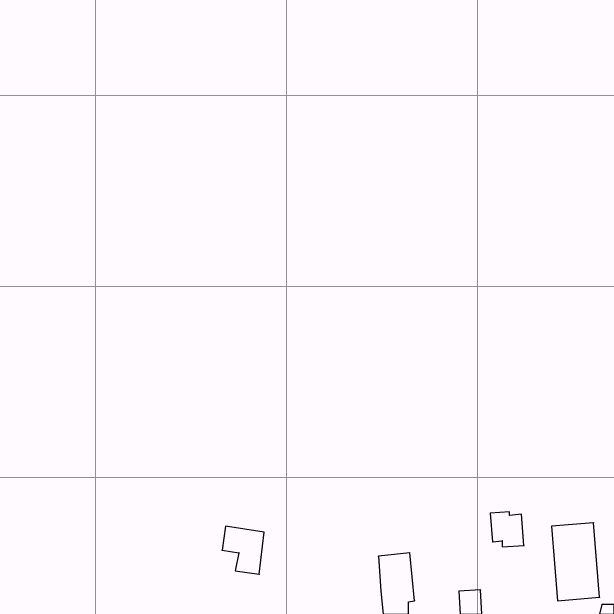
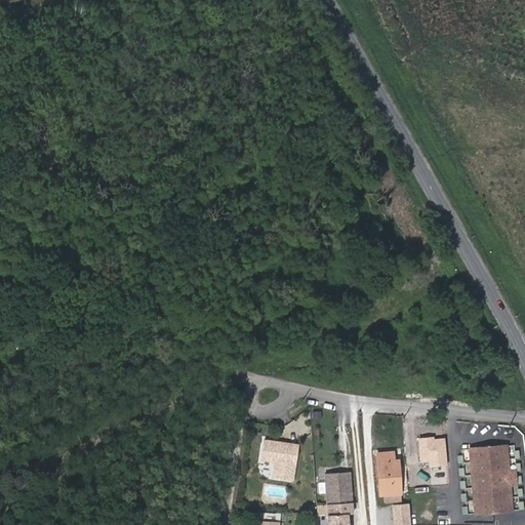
building: [222,526,264,574] -> [260,439,296,480]
building: none -> [377,453,402,503]

